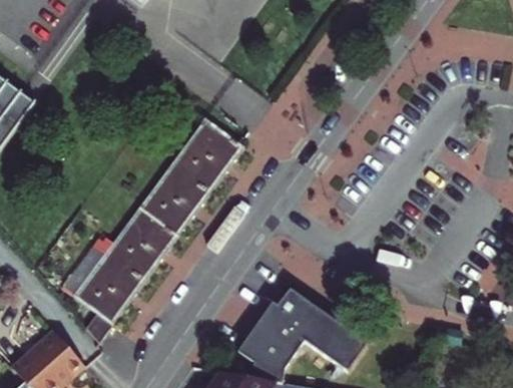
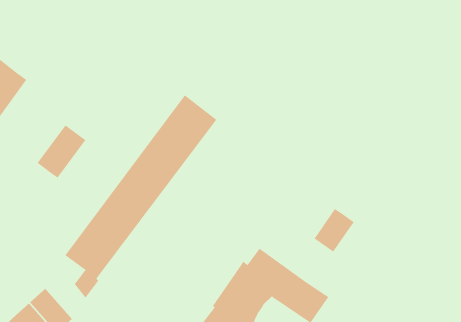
building: none -> [37,124,86,179]
building: none -> [314,208,354,252]

